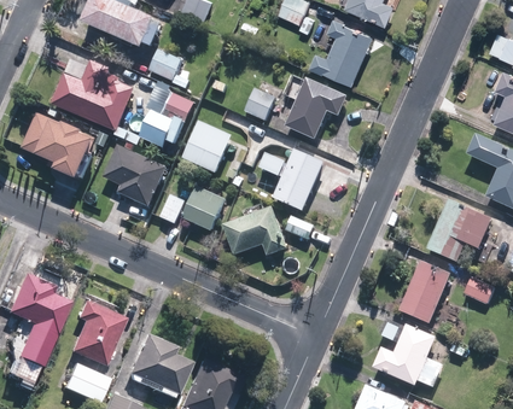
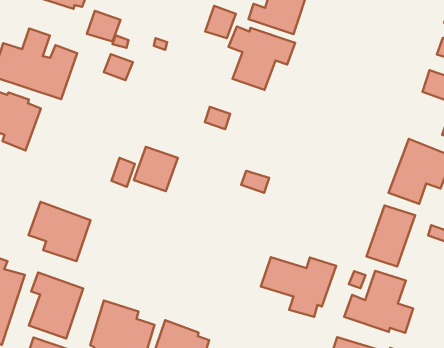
building: [246,88,278,121] -> [205,6,236,38]
building: [136,107,173,146] -> none
building: [180,121,229,171] -> none
building: [106,146,168,206] -> [28,202,91,261]
building: [270,148,322,210] -> none
building: [220,206,285,257] -> none
building: none -> [261,257,336,317]

